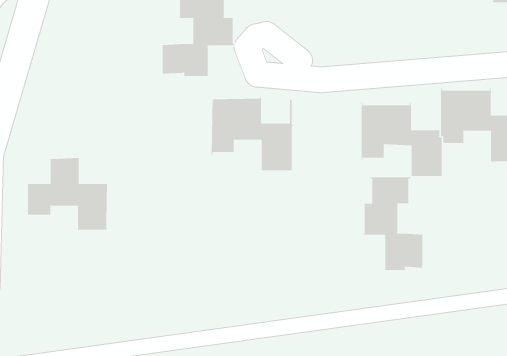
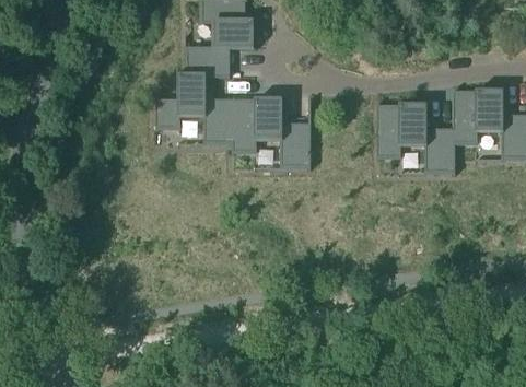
building: [27,157,108,239] -> [156,73,234,152]
building: [363,176,423,271] -> none

